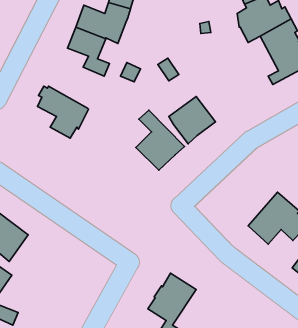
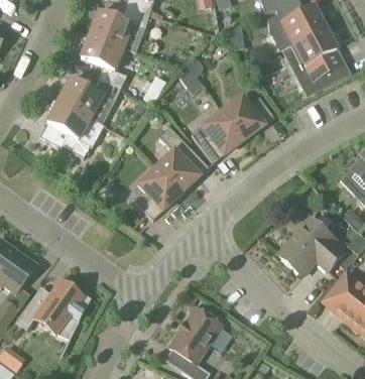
building: none -> [57,78,119,124]
building: none -> [221,96,272,139]
building: none -> [134,167,179,219]
building: none -> [14,280,88,340]

